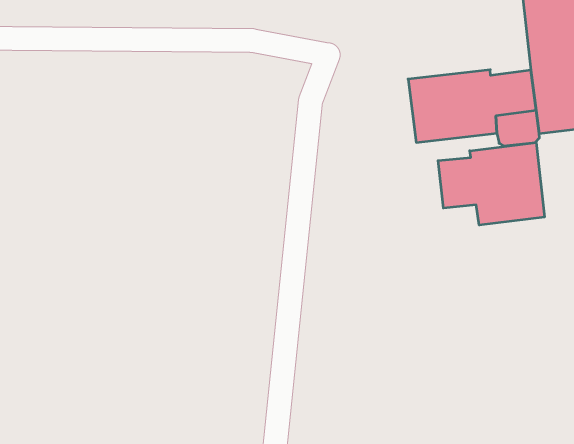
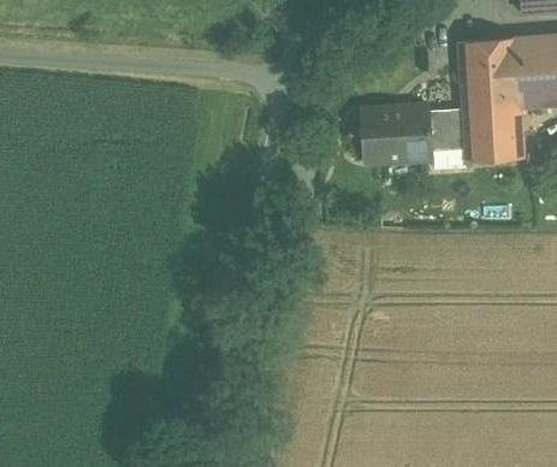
building: [438,142,544,225] -> none

